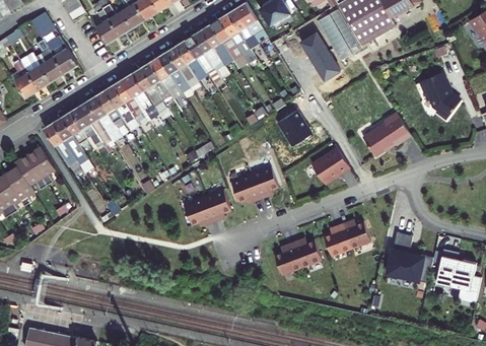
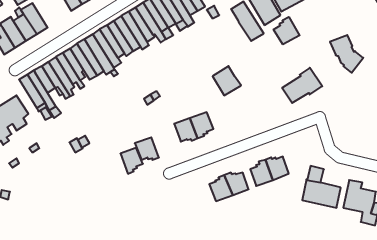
building: none -> [274,17,300,44]
building: [309,147,348,183] -> none
building: [203,190,230,221] -> [120,148,143,174]

